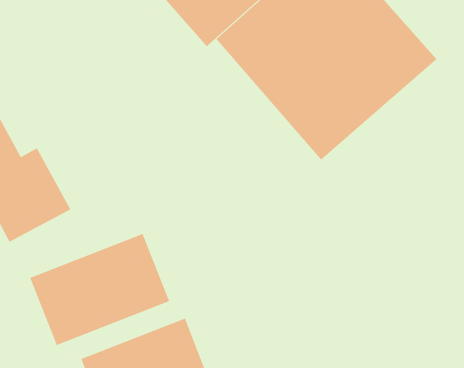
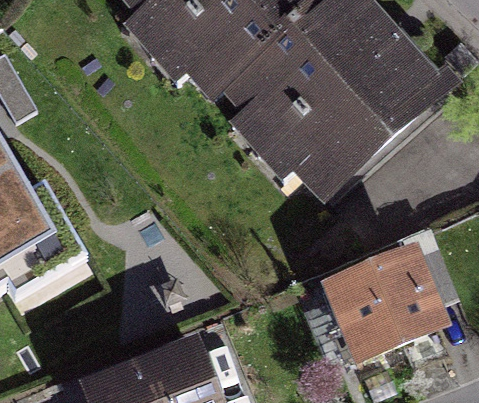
building: none -> [323,255,440,369]
building: [29,233,170,346] -> none

